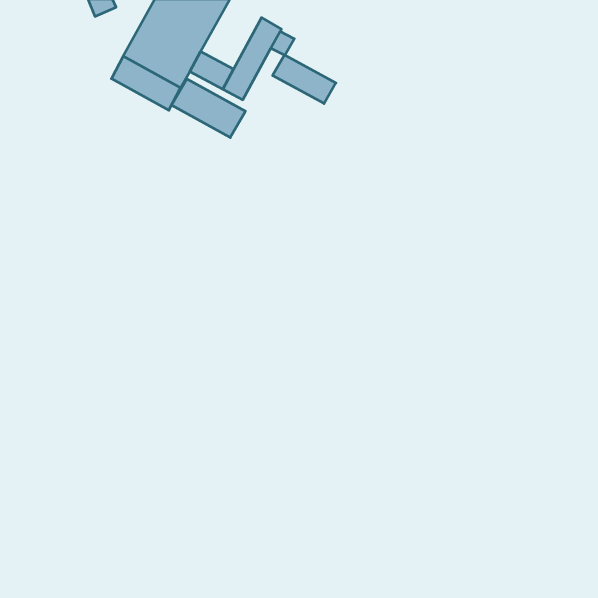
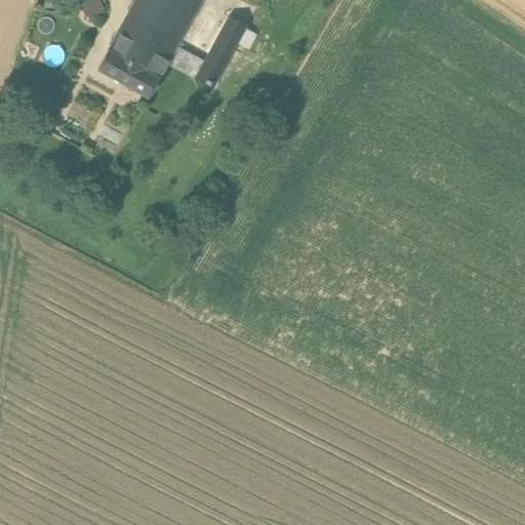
building: [273,55,336,104] -> none
building: [171,79,245,138] -> none

